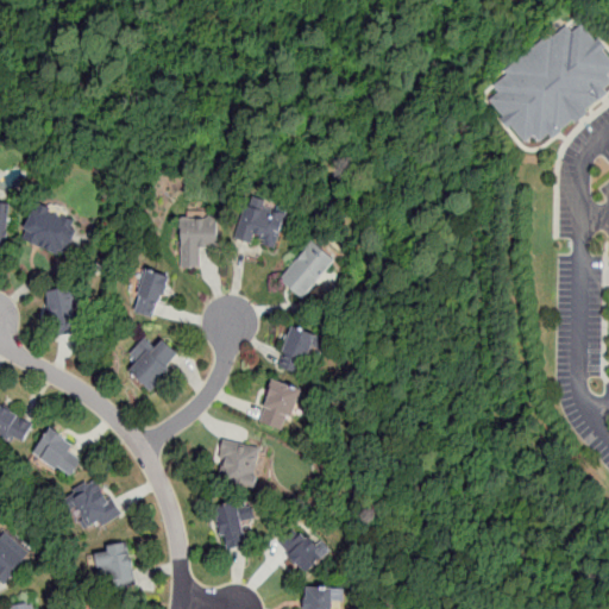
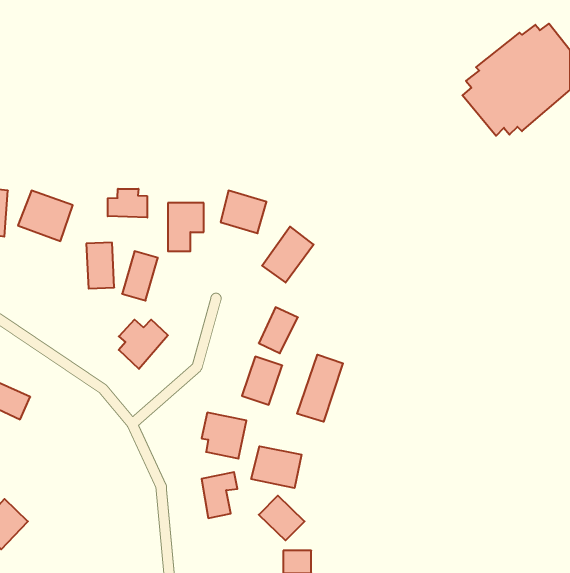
building: none -> [108,189,147,218]
building: [48,287,77,335] -> [86,243,114,289]
building: none -> [297,355,343,422]
building: [31,431,84,477] -> none
building: none -> [251,446,302,488]
building: [65,476,118,530] -> none
building: [92,541,134,586] -> none

